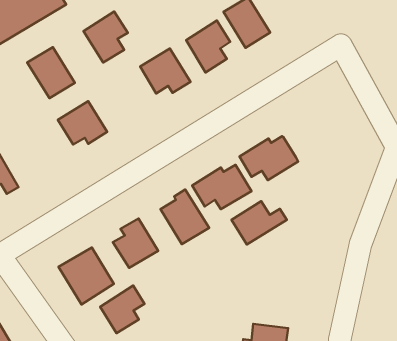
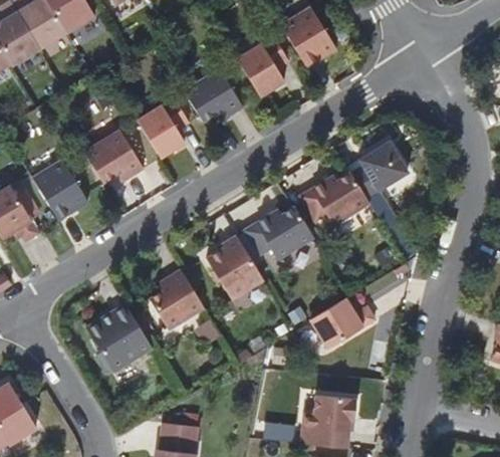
building: [83,12,128,63] -> [138,97,190,158]
building: [27,47,75,98] -> [33,161,89,221]
building: none -> [351,142,408,198]
building: [232,201,287,244] -> [310,298,376,350]
building: [100,286,145,333] -> none

